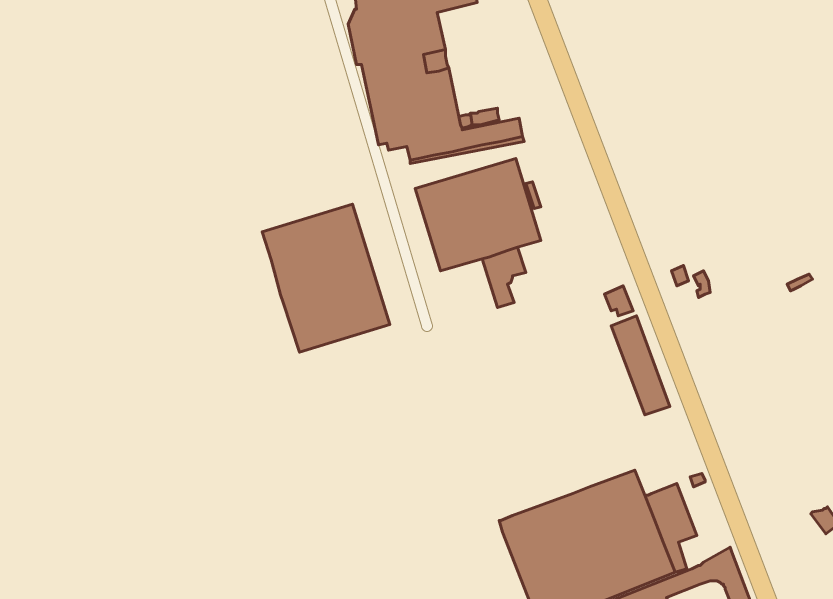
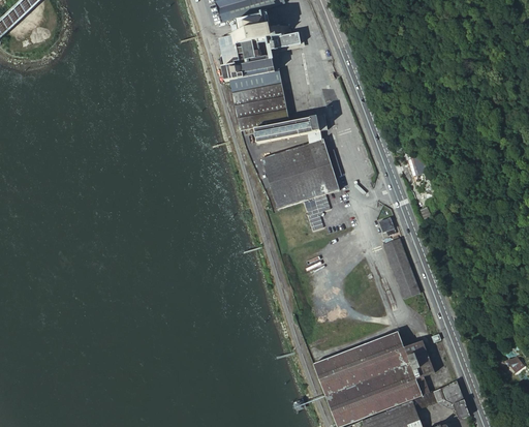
building: [262,204,390,352] -> none

